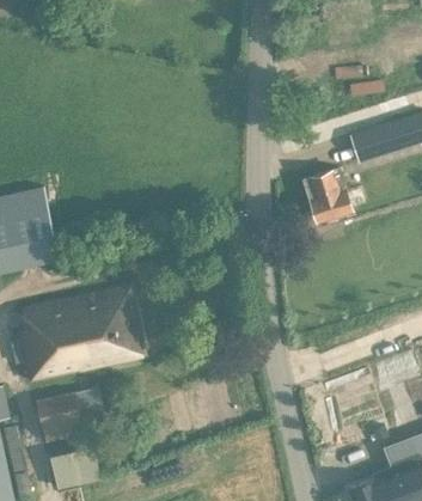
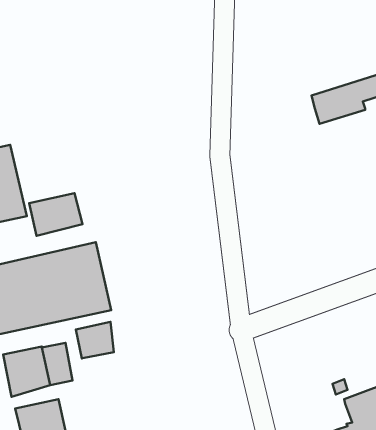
building: [305,169,353,221] -> none
building: none -> [29,193,82,236]
building: none -> [76,322,114,359]

